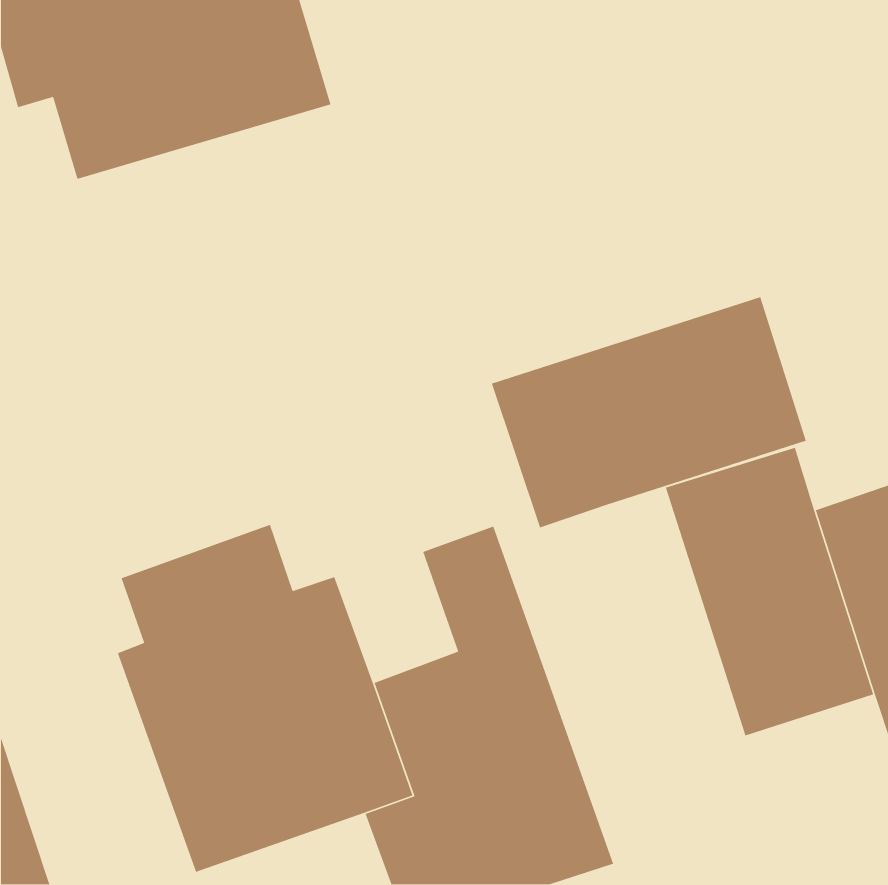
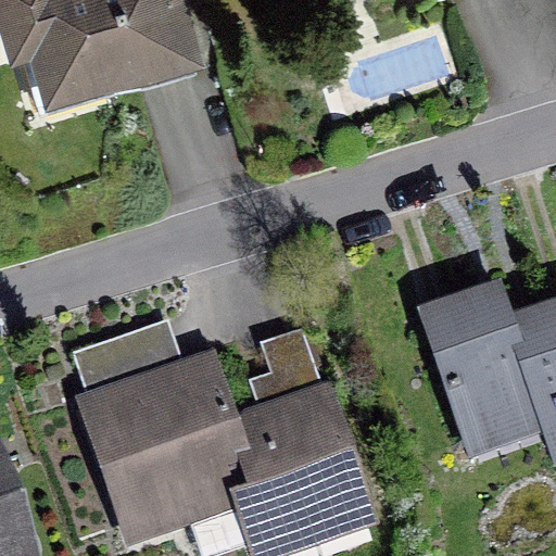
building: [491,296,807,528] -> none

